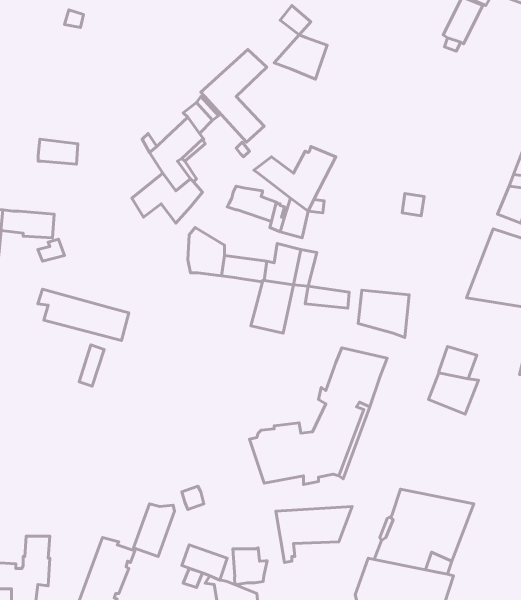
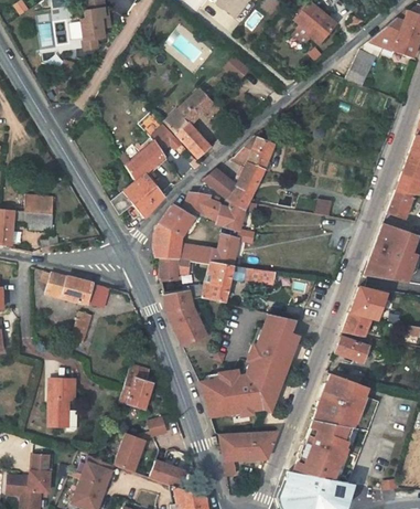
building: [274,35,327,79] -> [234,137,273,170]
building: [38,139,78,164] -> [24,194,54,213]
building: none -> [159,205,193,236]
building: none -> [161,257,189,280]
building: [358,290,409,337] -> none
building: none -> [348,286,385,319]
building: none -> [163,289,205,343]
building: none -> [119,364,151,410]
building: none -> [313,373,379,431]
building: none -> [49,379,76,431]
building: [233,548,267,585] -> none

